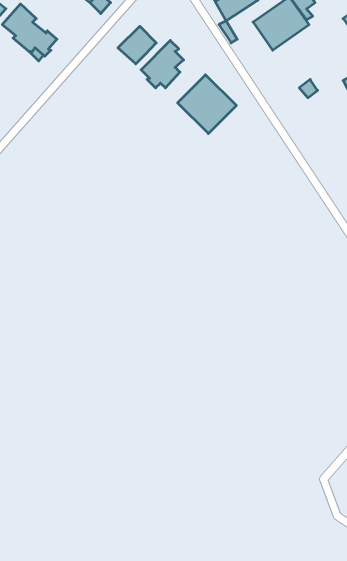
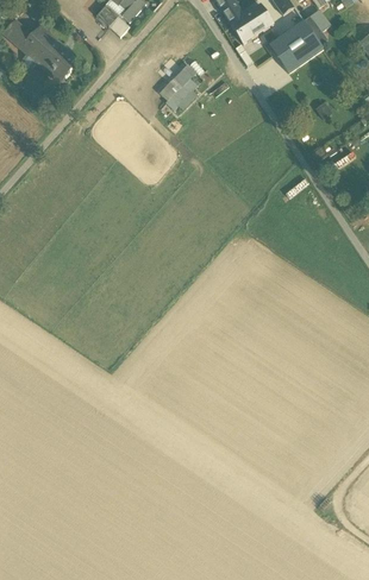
building: [118,26,156,64] -> none
building: [178,75,236,134] -> none

